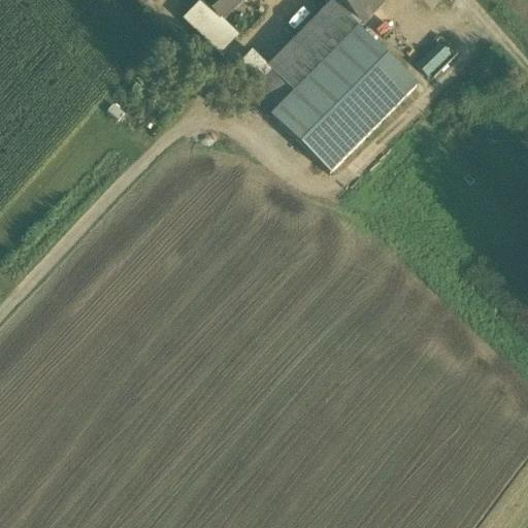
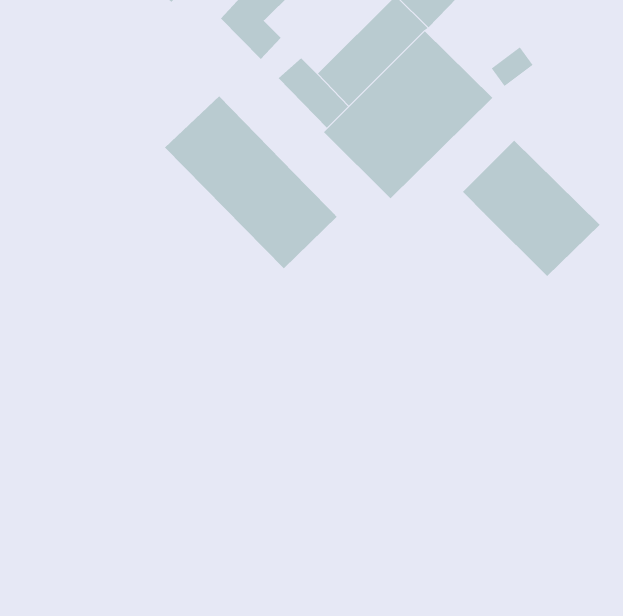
building: none -> [164,96,338,269]
building: none -> [462,140,600,277]

